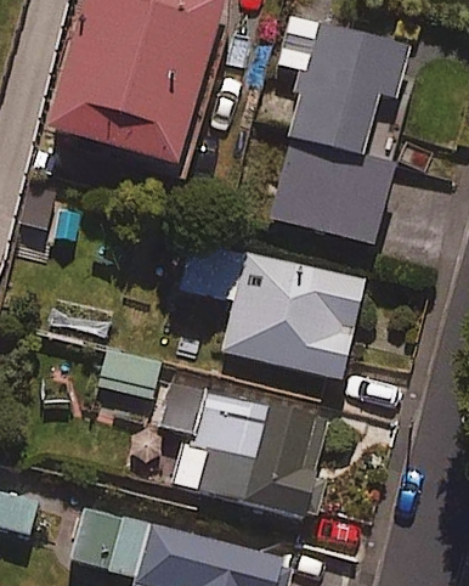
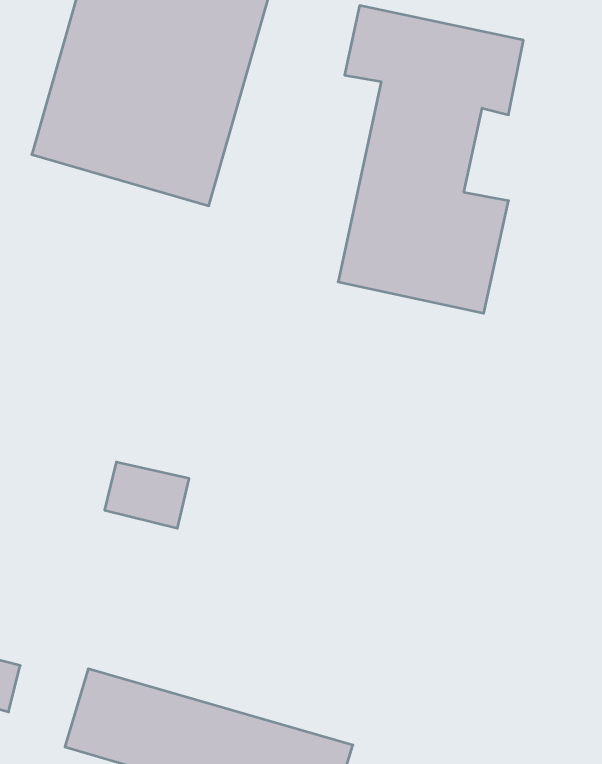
building: [182,242,363,381] -> none
building: [162,379,328,519] -> none

